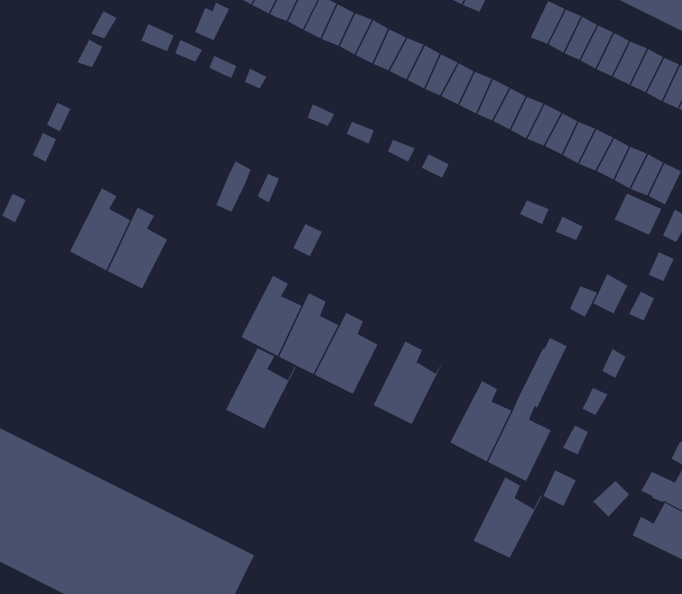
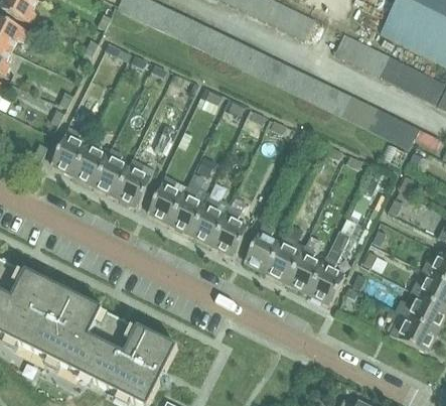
building: none -> [50,128,91,174]
building: none -> [114,160,150,207]
building: [225,347,297,430] -> [147,176,187,223]
building: [473,477,542,559] -> [266,236,305,282]

